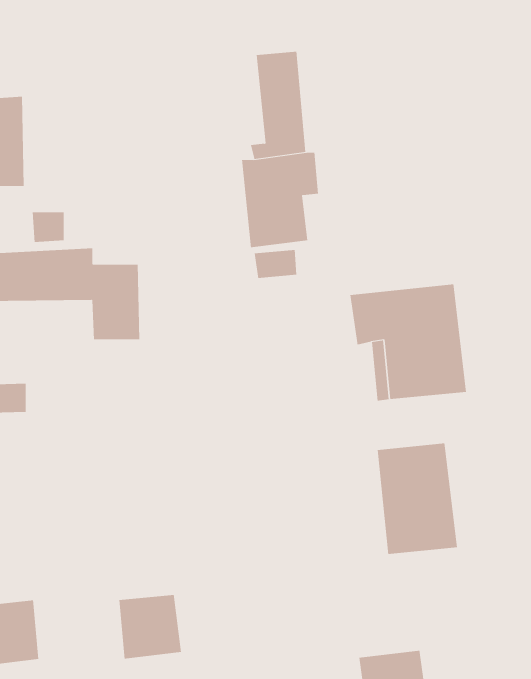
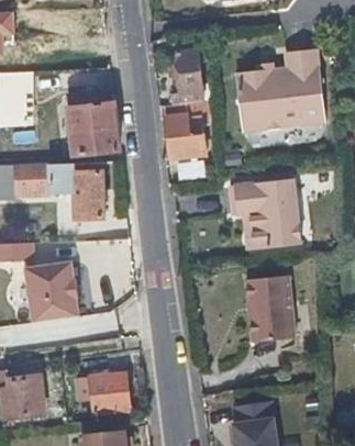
building: none -> [238,52,325,134]
building: none -> [68,88,119,156]
building: none -> [27,260,80,321]

